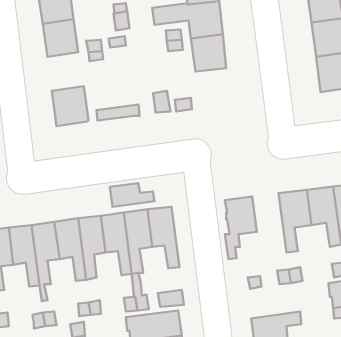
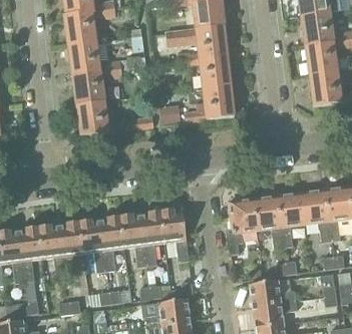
building: none -> [73,71,105,105]
building: none -> [204,85,235,119]
building: [110,183,155,207] -> none
building: none -> [254,196,284,249]
building: none -> [250,280,296,306]

